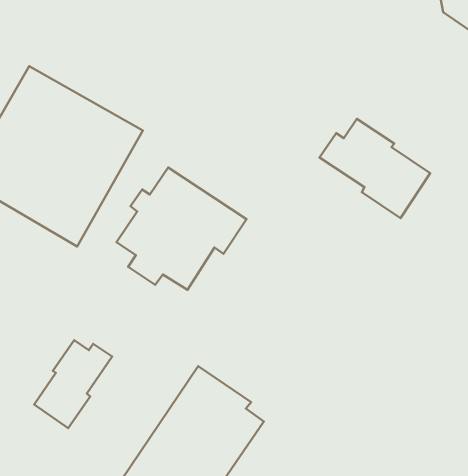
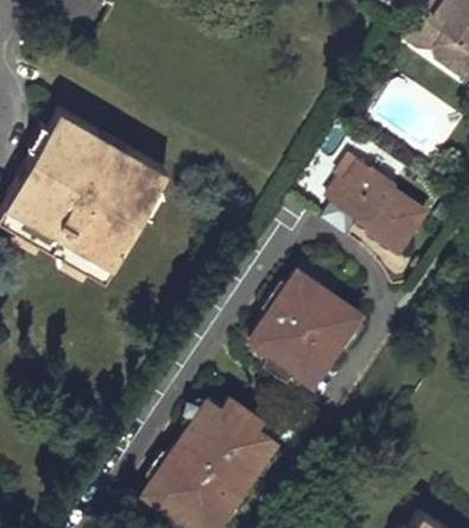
building: [116,168,247,290] -> [252,273,372,386]
building: [34,340,112,428] -> none

